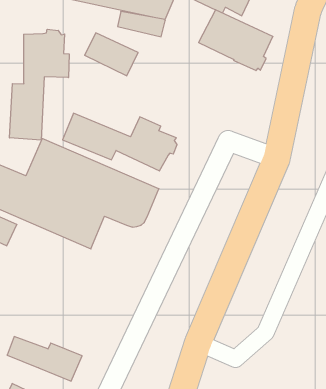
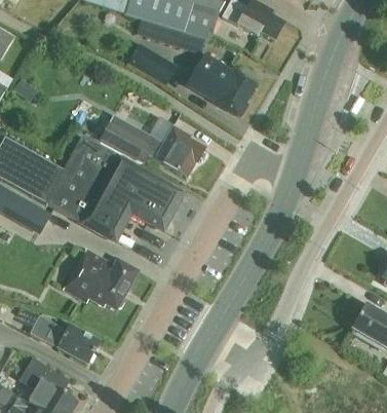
building: [199,10,273,71] -> [186,55,255,115]
building: [10,29,69,140] -> none
building: none -> [64,249,138,310]

